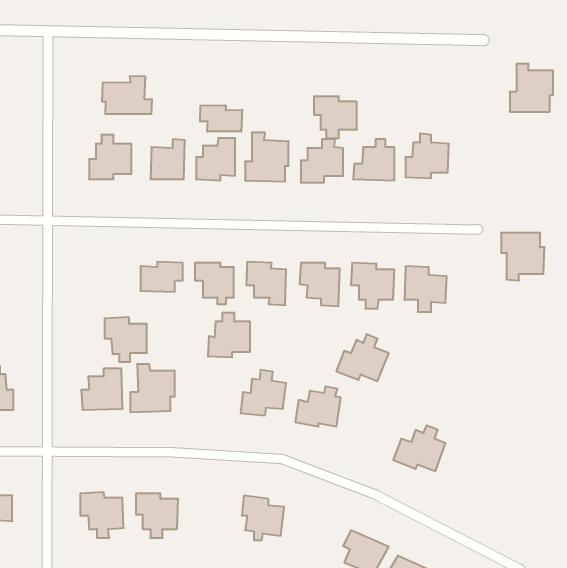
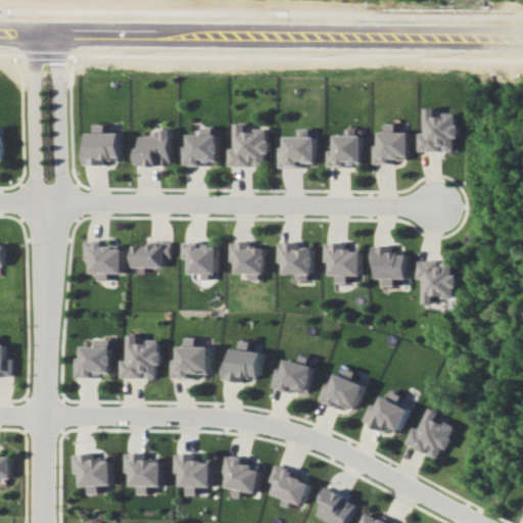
building: [510,64,553,112] -> [419,108,459,152]
building: [102,76,152,114] -> none
building: [314,96,356,138] -> none
building: [200,105,242,132] -> none
building: [501,233,545,281] -> [418,260,458,304]
building: [208,313,250,357] -> [171,338,209,379]
building: [105,317,147,362] -> [81,240,120,281]
building: [336,334,389,381] -> [317,368,365,411]
building: none -> [405,408,457,459]
building: none -> [174,454,212,495]
building: none -> [268,465,311,505]

